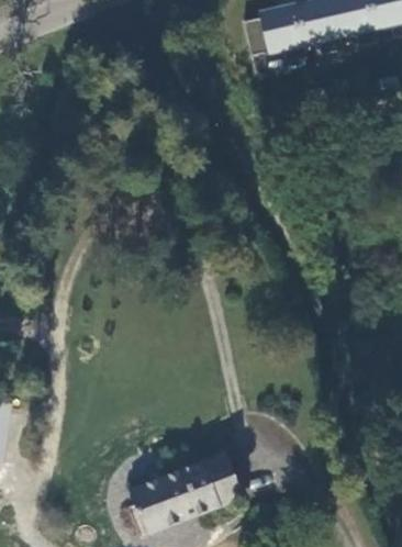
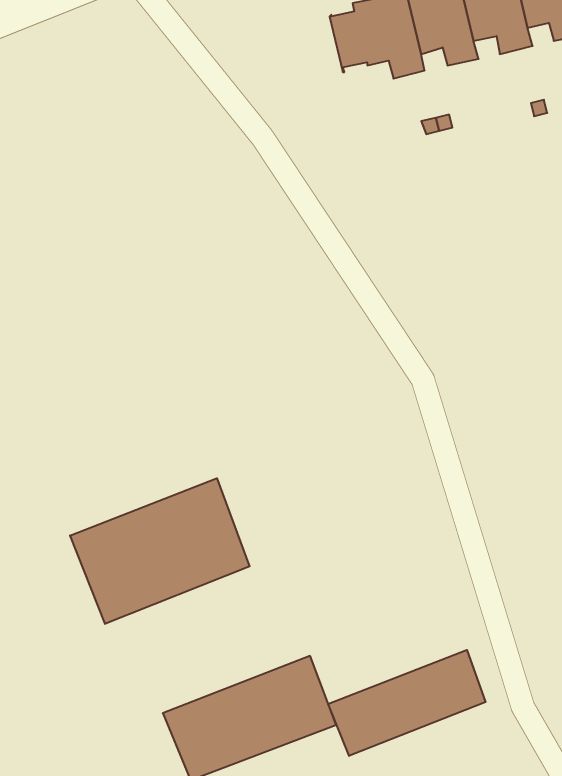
building: none -> [70,478,250,624]
building: none -> [328,650,486,756]

